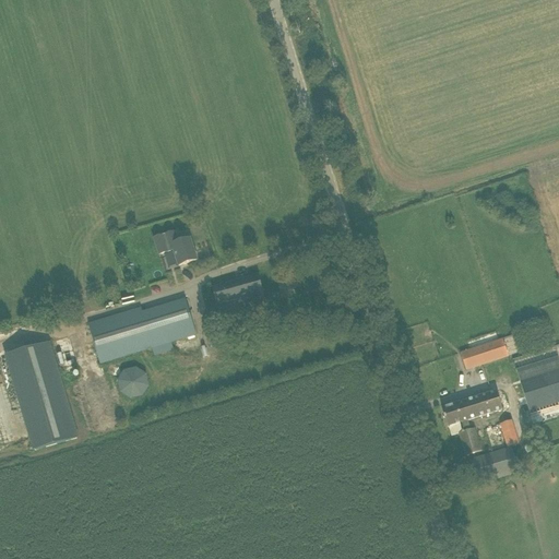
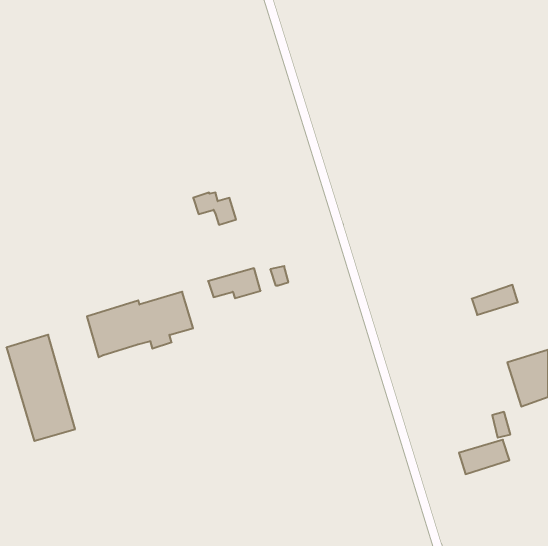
building: [153,231,197,264] -> [193,193,236,225]
building: [461,337,508,368] -> [472,285,518,315]
building: [118,366,148,397] -> none
building: [442,390,502,454] -> none

